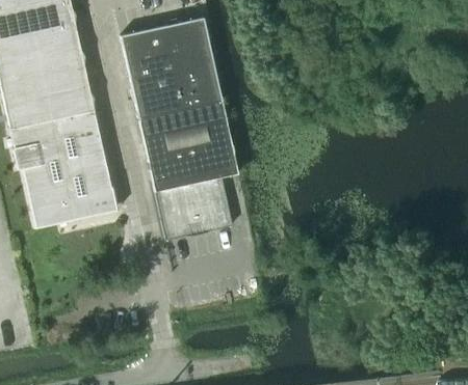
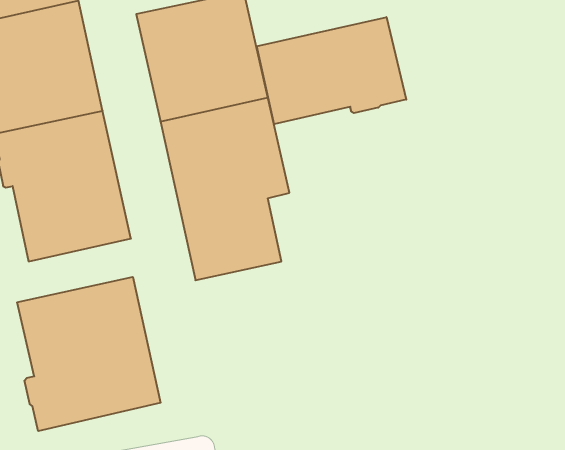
building: none -> [257,17,406,124]
building: none -> [17,277,161,431]

